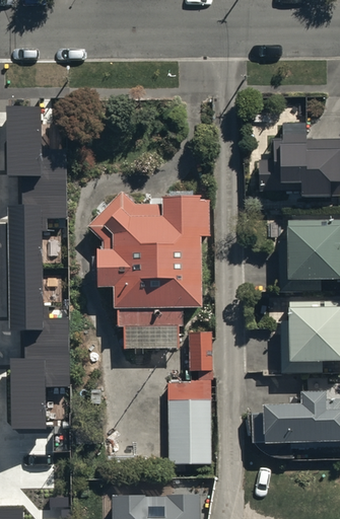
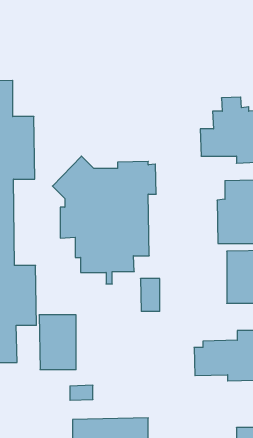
building: [168,401,211,464] -> [39,315,76,370]

